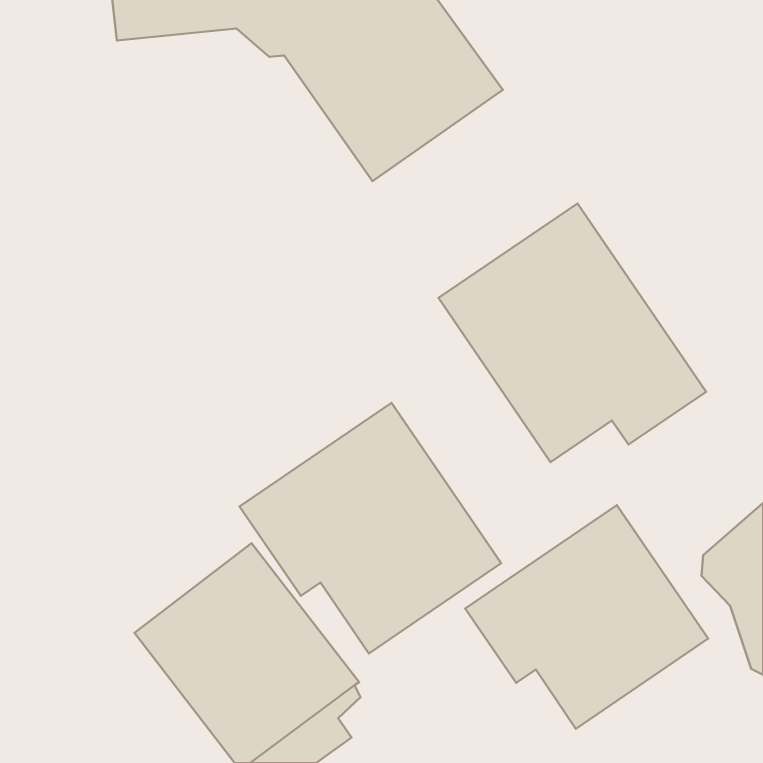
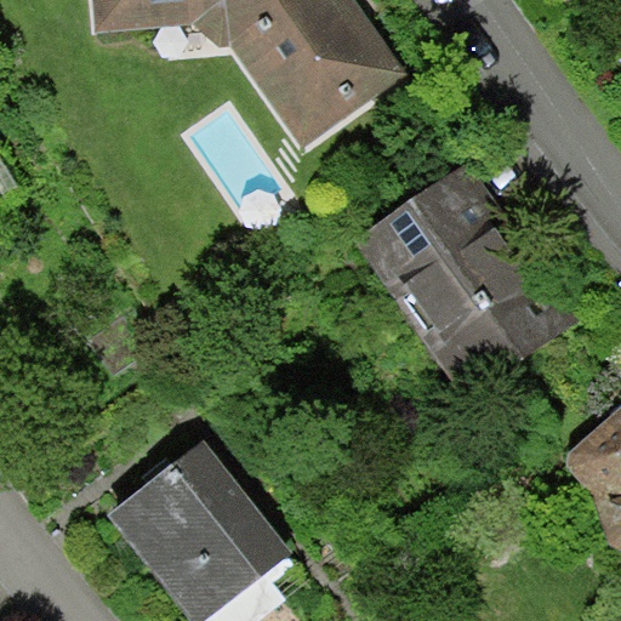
building: [240,403,501,654] -> none
building: [465,505,708,729] -> none

